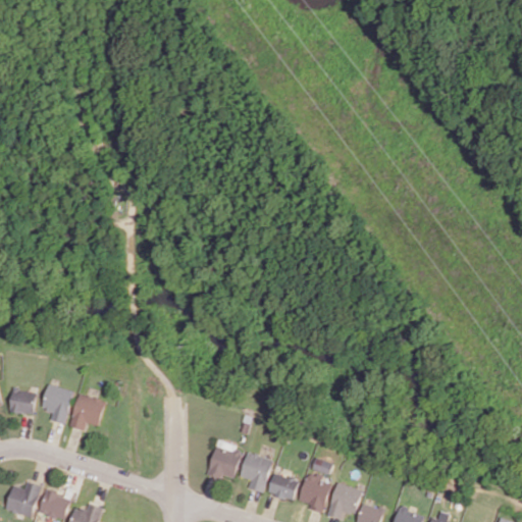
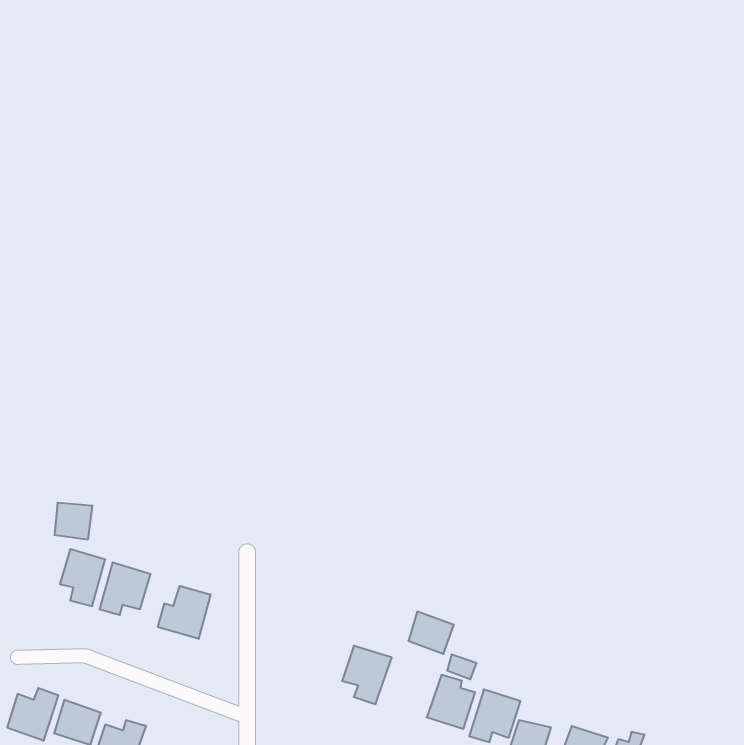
building: [10,389,37,415] -> [54,503,93,539]
building: none -> [158,586,211,639]
building: [206,441,242,479] -> none
building: [267,472,299,502] -> [408,612,454,654]

